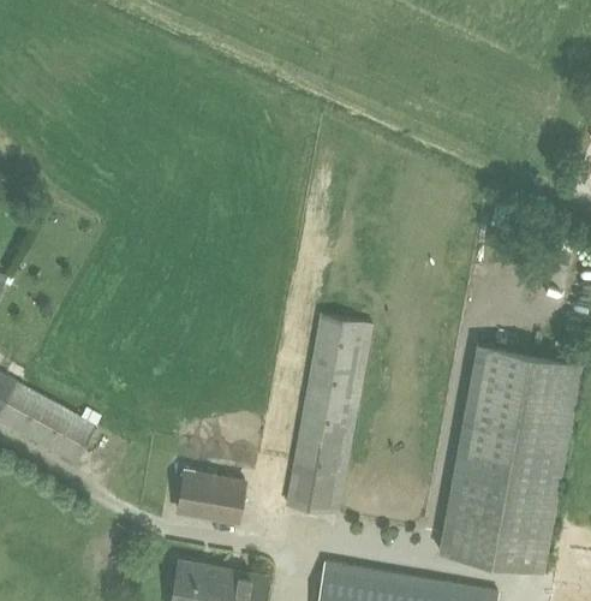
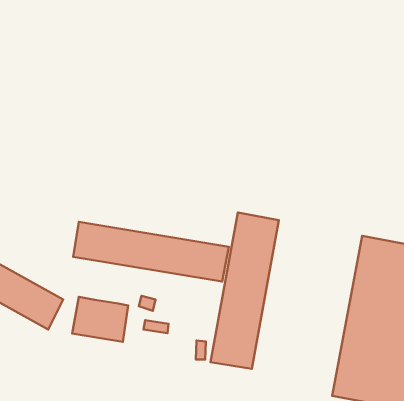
building: none -> [73,222,229,281]
building: [174,469,246,526] -> [72,297,128,342]

